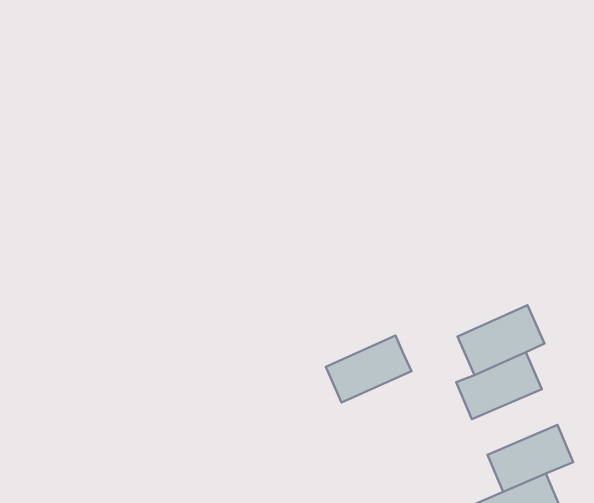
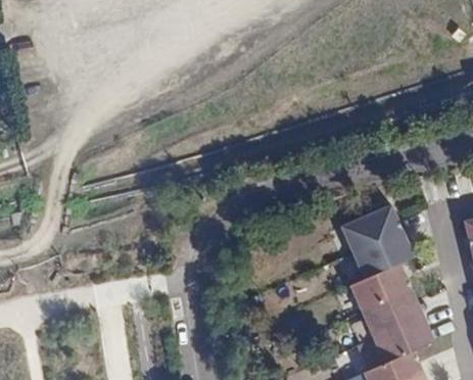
building: [326,335,411,402] -> [341,205,403,253]
building: none -> [363,291,424,338]

